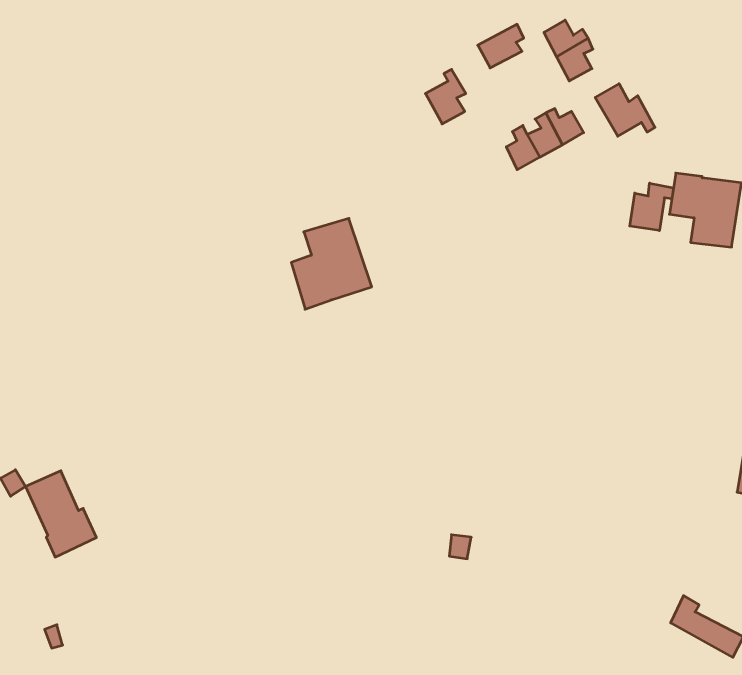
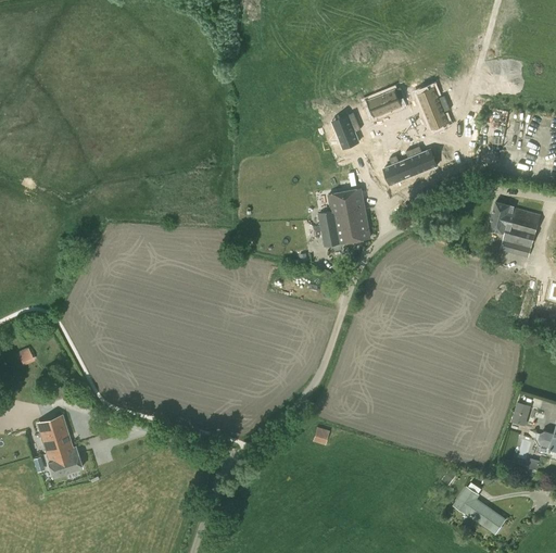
building: [595,84,655,136] -> none
building: [630,183,674,231] -> none
building: [291,218,372,309] -> [317,188,369,246]
building: [26,471,96,557] -> [37,418,80,476]

